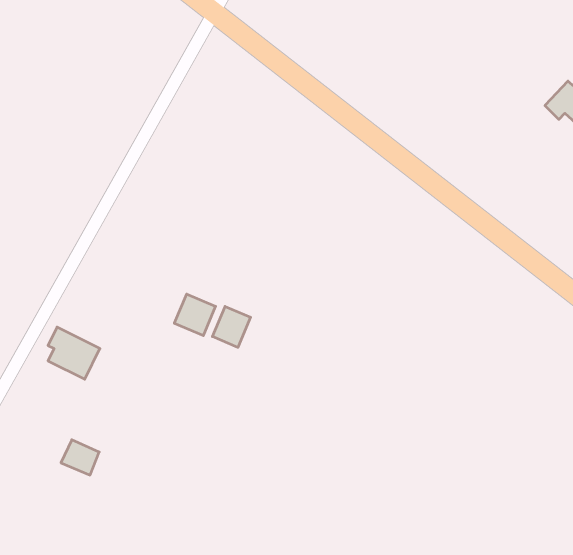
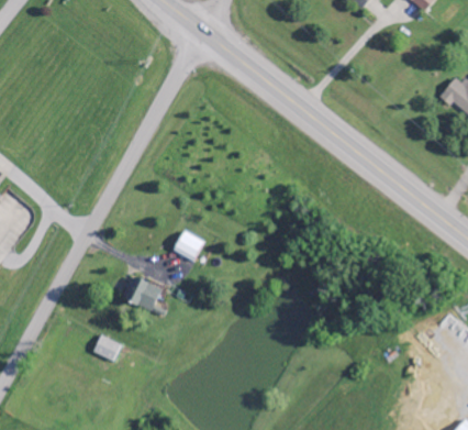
building: [212,306,251,347] -> none
building: [48,327,100,379] -> [124,275,161,312]

